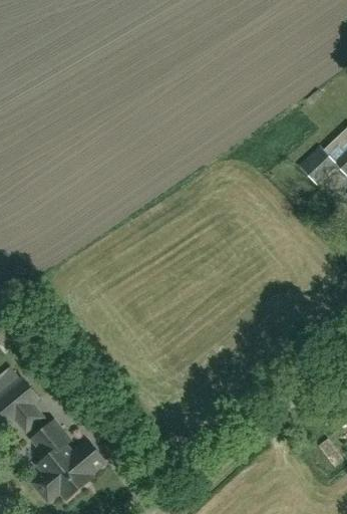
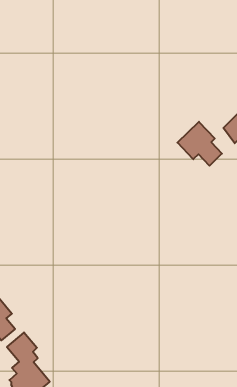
building: none -> [177,122,222,166]
building: [65,440,104,482] -> none

